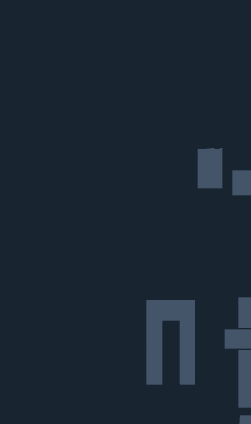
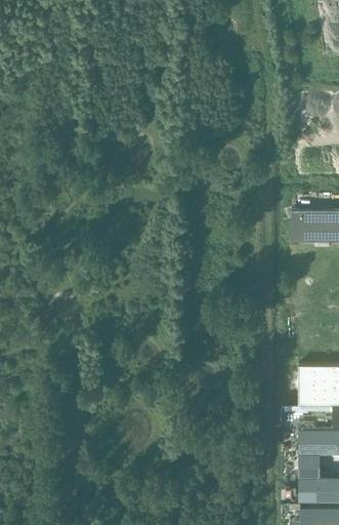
building: [197,147,223,189] -> none
building: [146,299,195,385] -> none

